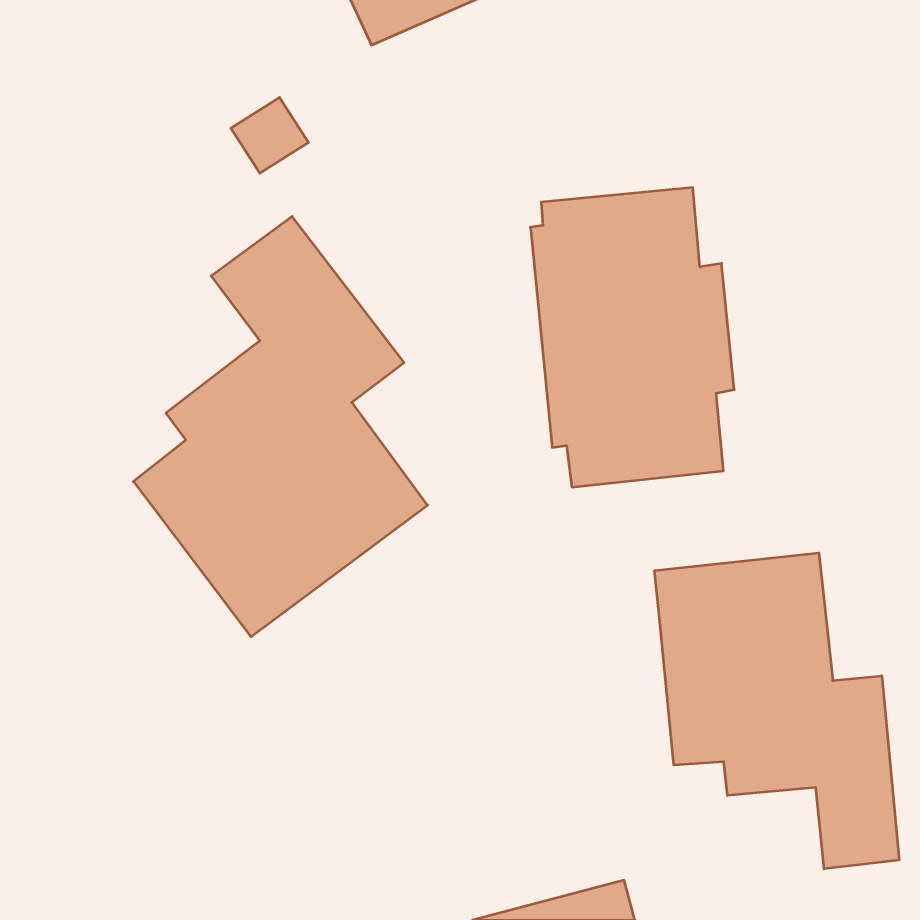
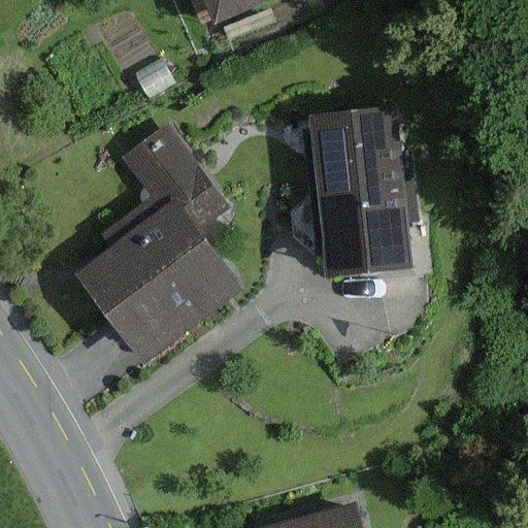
building: [655,553,899,869] -> none

